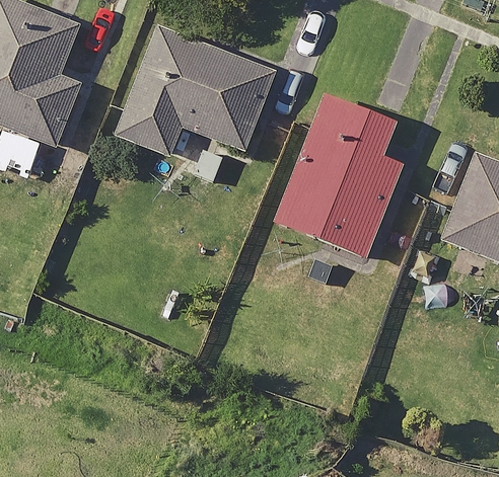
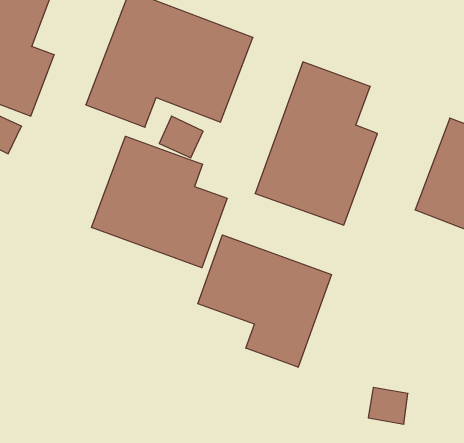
building: none -> [92,136,227,268]
building: none -> [198,235,331,367]

